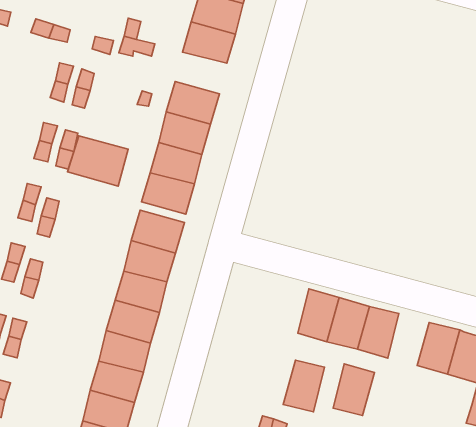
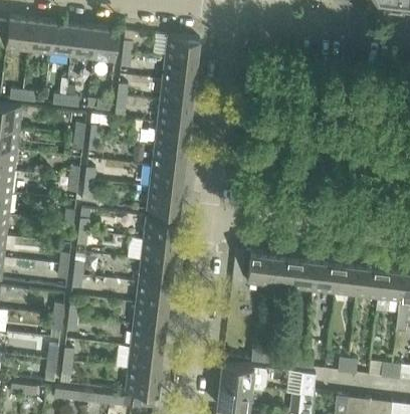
building: none -> [158,101,192,127]
building: [67,136,128,186] -> none
building: [283,360,325,412] -> [247,251,272,285]
building: [333,364,375,415] -> [335,261,360,295]

